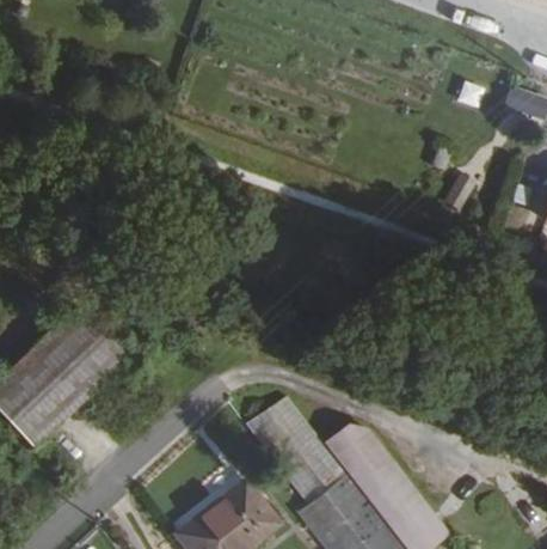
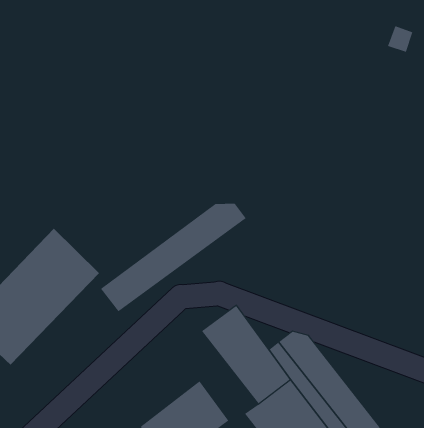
building: none -> [100,203,247,312]

